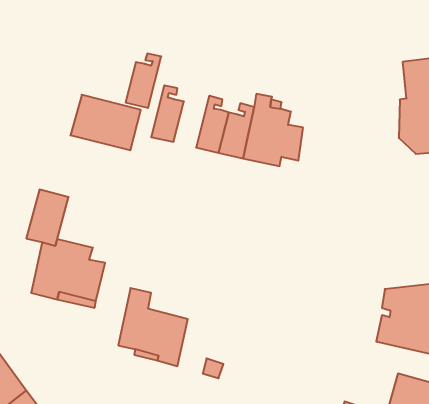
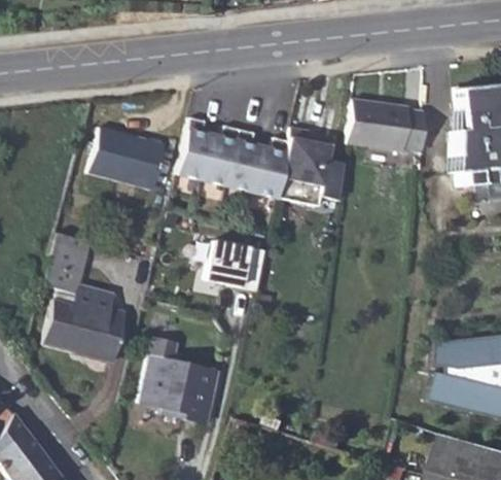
building: [126,54,161,108] -> [203,126,242,185]
building: none -> [348,100,425,152]
building: none -> [209,239,267,287]

